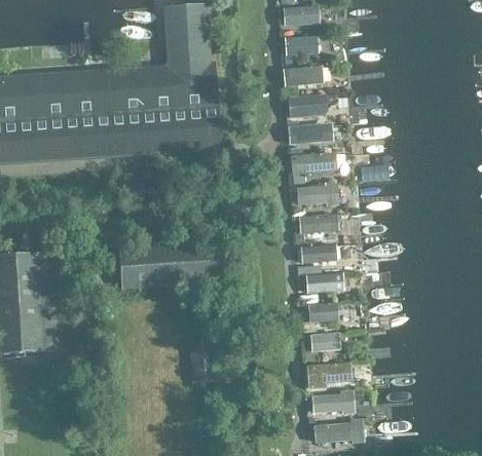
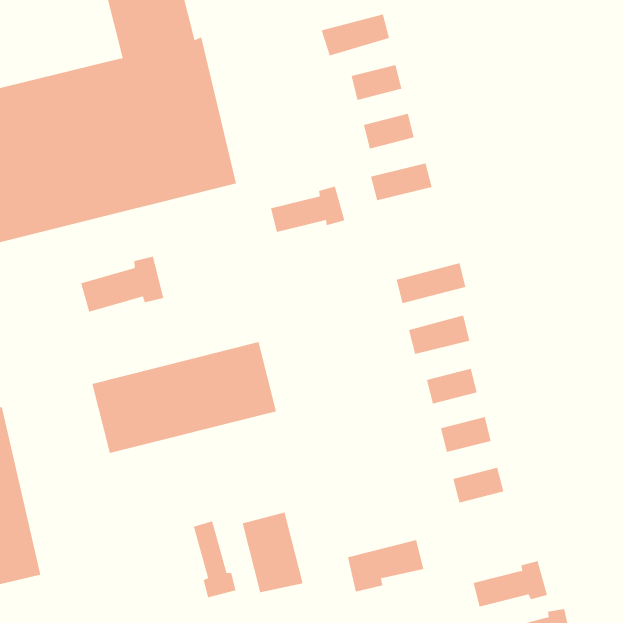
building: none -> [81,256,164,312]
building: [297,182,338,203] -> [270,186,345,233]
building: none -> [193,520,236,598]
building: [307,362,349,385] -> [347,540,424,592]

